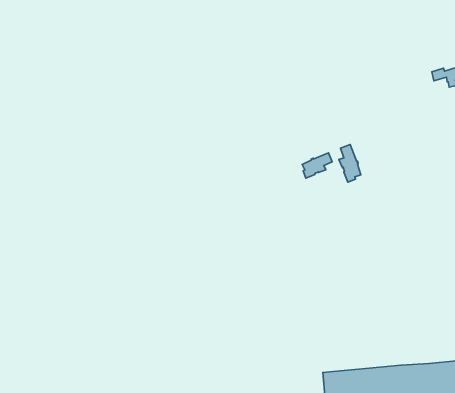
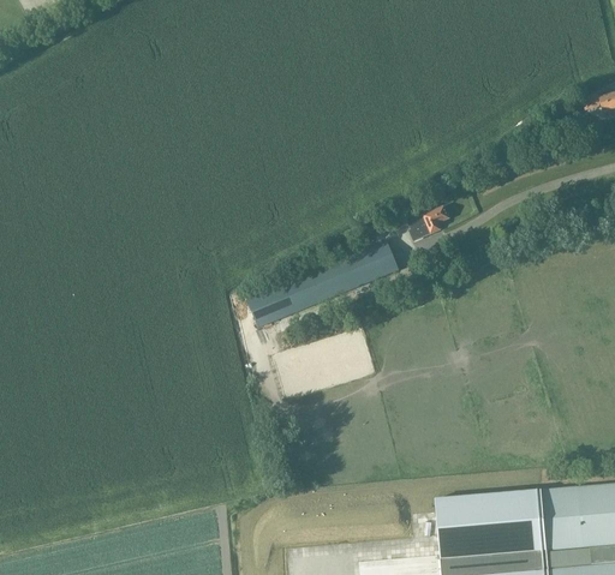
building: [339,144,361,182] -> none
building: none -> [245,241,398,327]

